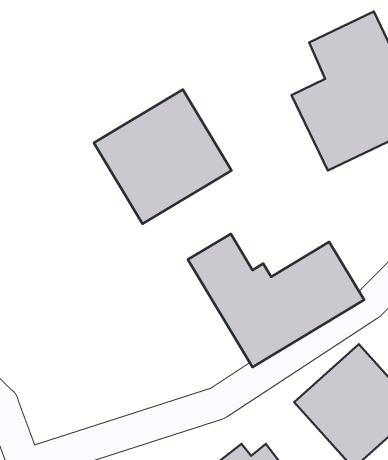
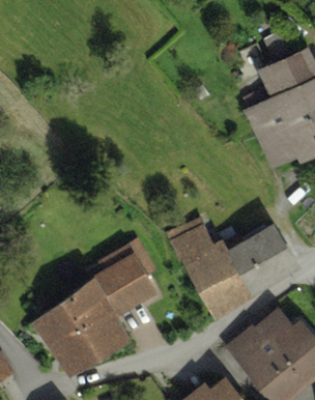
building: [94,89,232,224] -> none
building: none -> [28,252,156,379]

